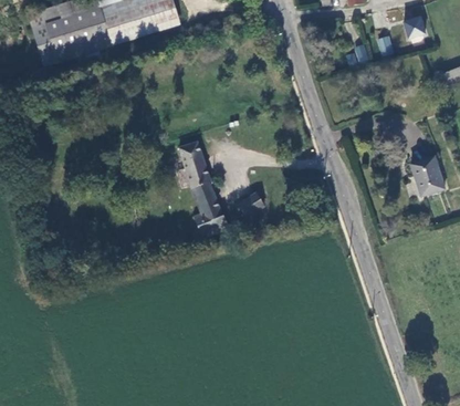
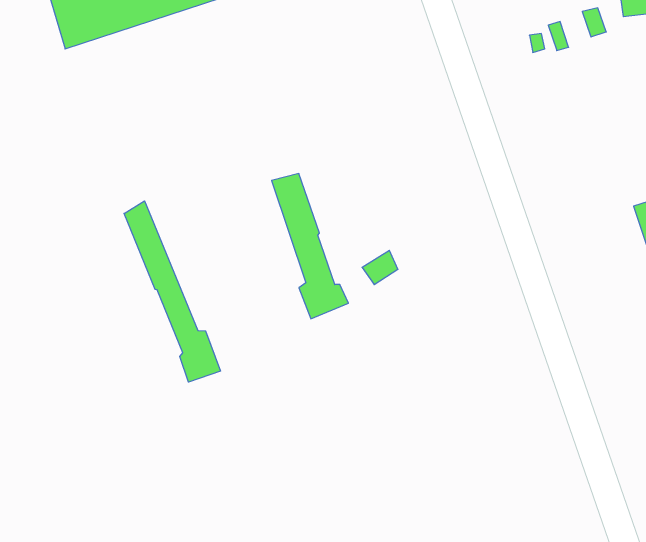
building: none -> [124,201,221,382]

